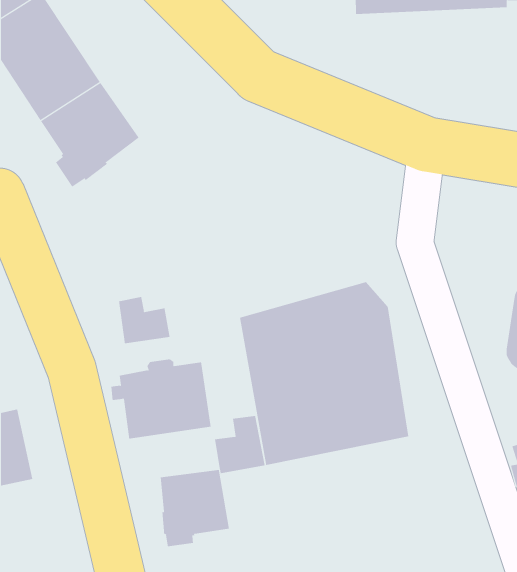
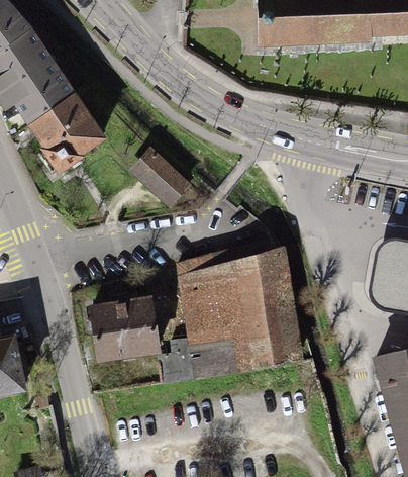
building: none -> [132,151,187,205]
building: [119,296,170,344] -> none
building: [160,469,229,547] -> none

